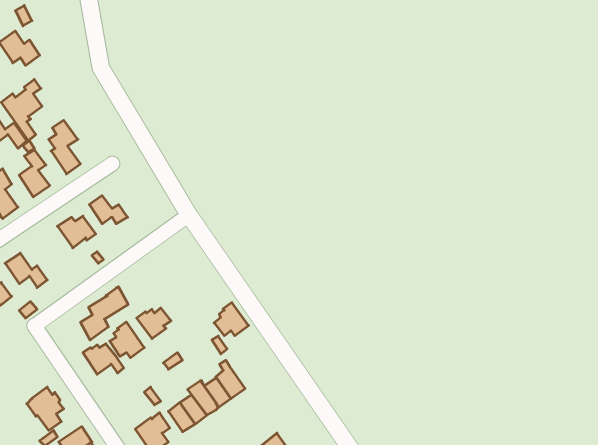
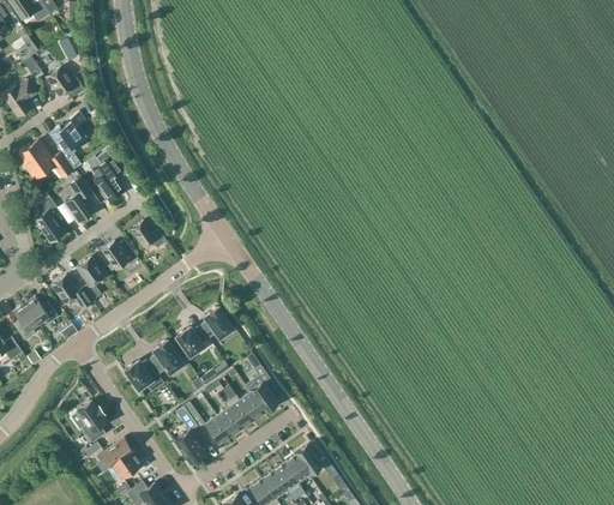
building: none -> [76,258,103,301]
building: [81,287,128,340] -> none
building: [214,303,249,336] -> [200,307,233,338]

